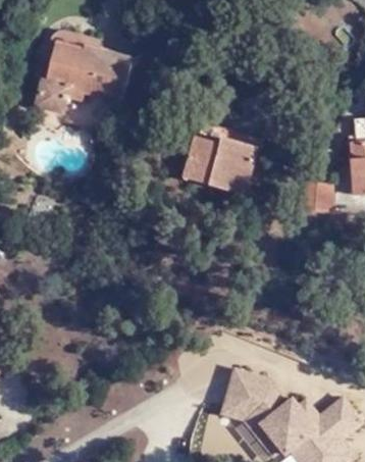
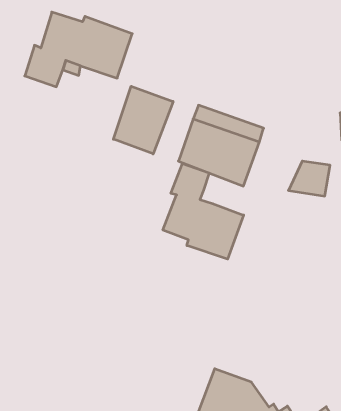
building: none -> [113,86,173,154]
building: none -> [163,163,244,259]

